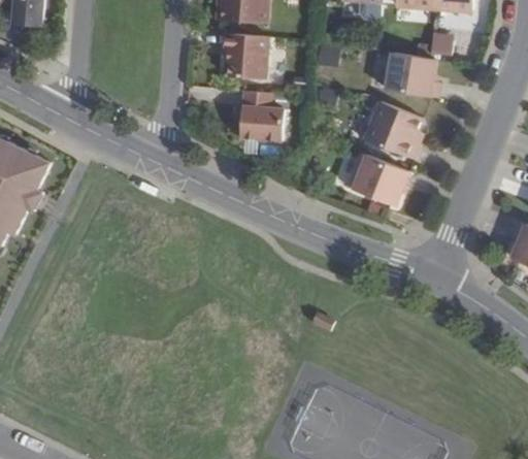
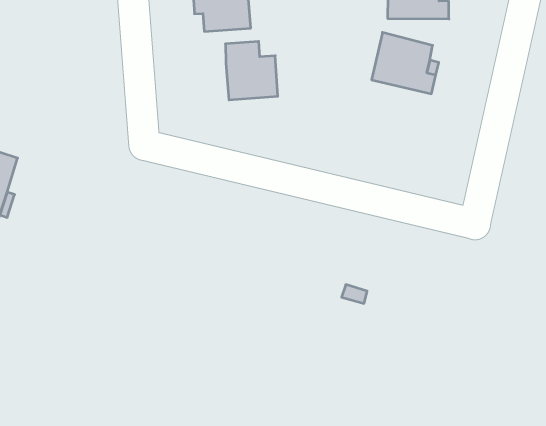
building: [346,152,407,205] -> none

